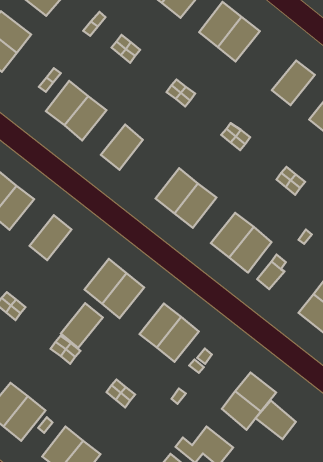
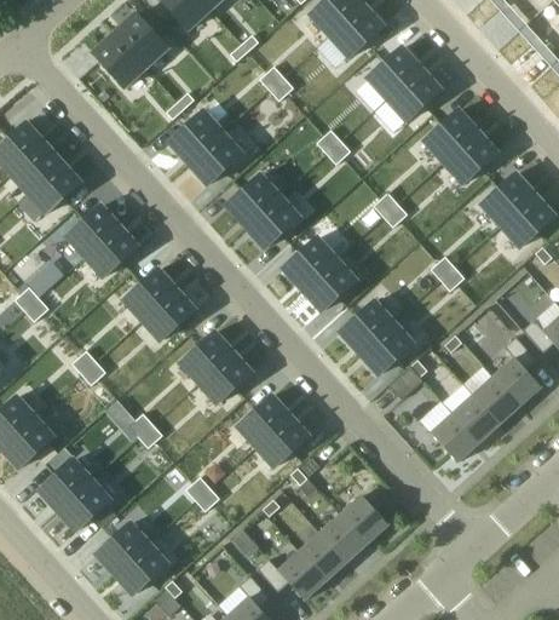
building: none -> [425,109,478,161]
building: none -> [246,195,299,247]
building: [61,303,103,348] -> [142,288,195,340]
building: [256,400,296,439] -> [299,532,346,580]

